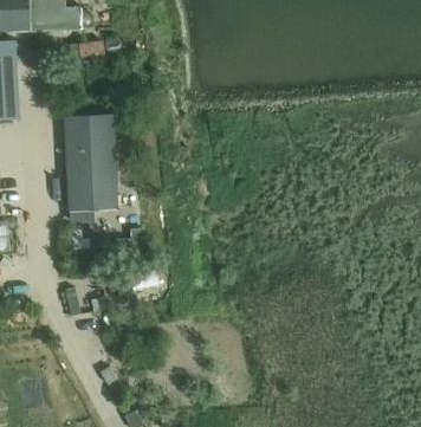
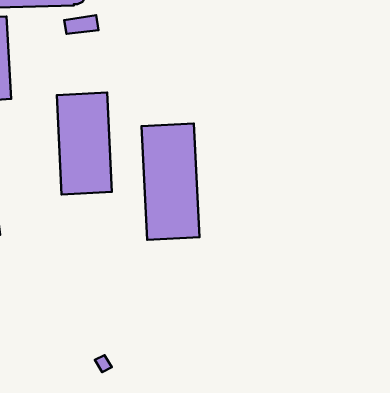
building: none -> [142,124,200,240]

